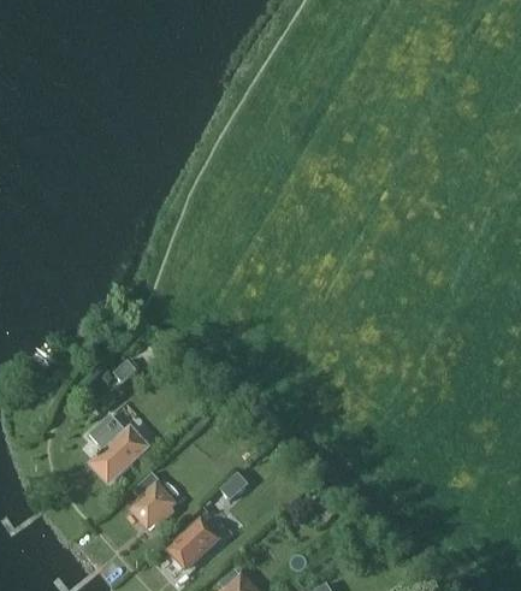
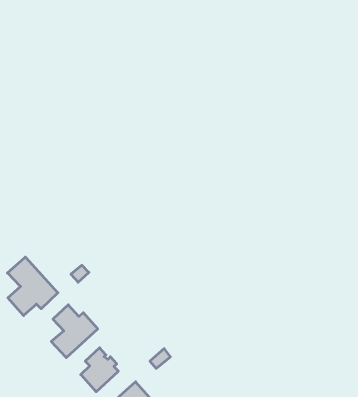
building: none -> [7,257,58,316]

